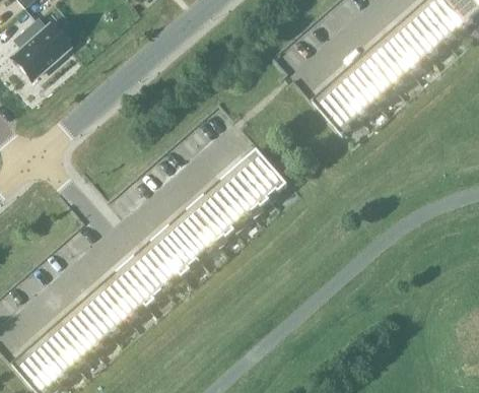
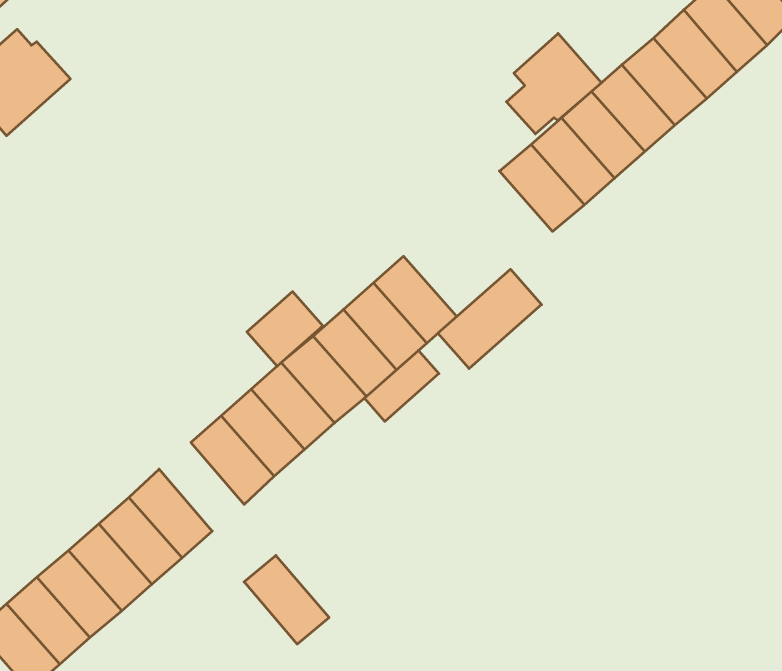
building: none -> [506,33,601,134]
building: none -> [438,269,542,369]
building: none -> [247,292,323,366]
building: none -> [364,350,439,421]
building: [118,255,166,306] -> [244,555,329,644]

